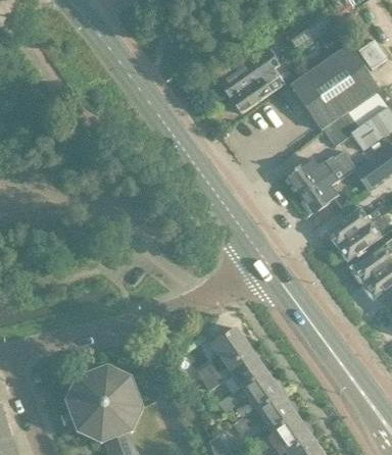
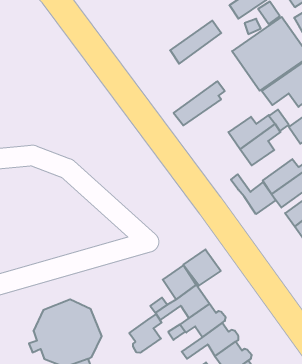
building: [231,62,289,112] -> [174,81,225,125]
building: none -> [231,174,276,214]
building: none -> [183,249,221,286]
building: none -> [129,314,162,353]

